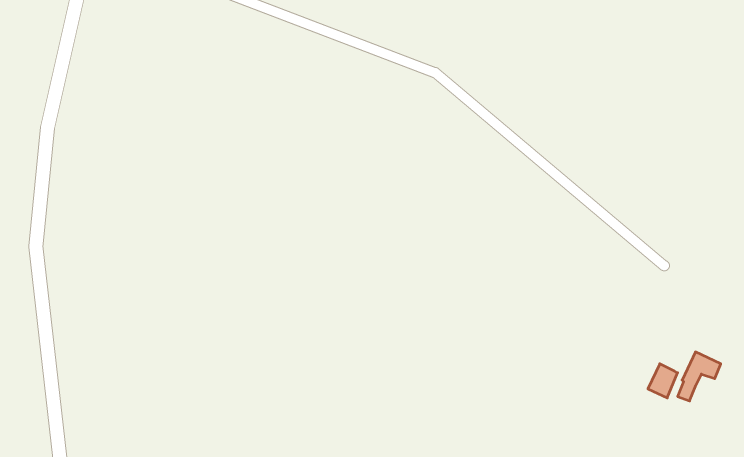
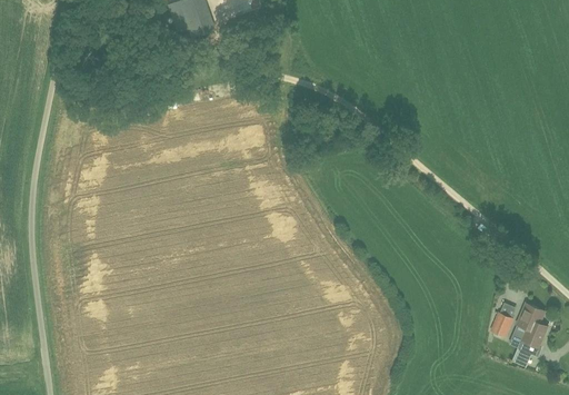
building: none -> [518,319,548,352]

